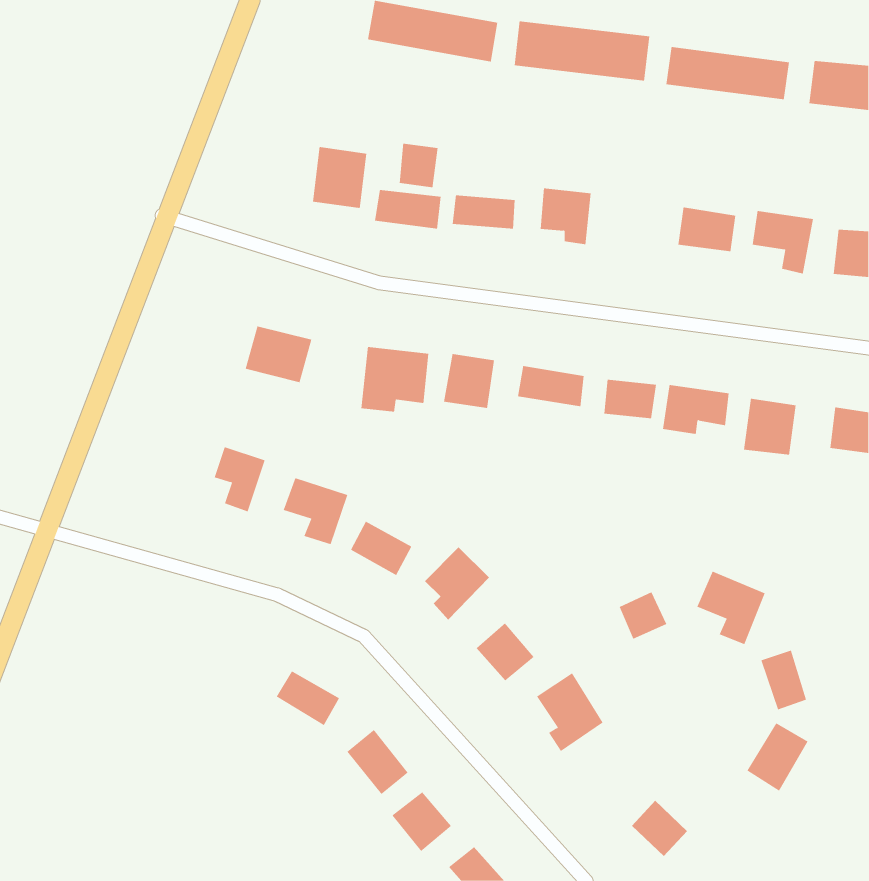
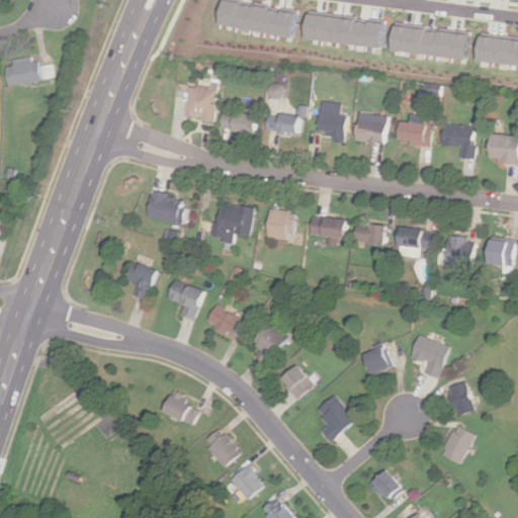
building: none -> [4,61,39,87]
building: [399,143,438,188] -> none
building: none -> [351,119,384,143]

